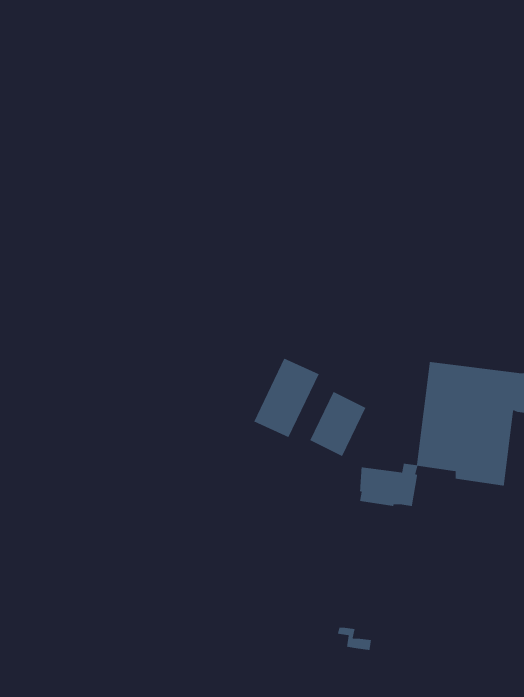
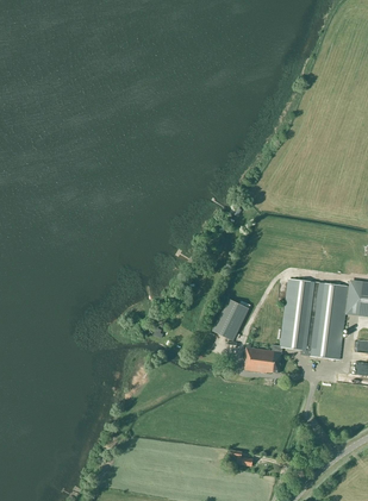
building: [253,357,320,438] -> none

